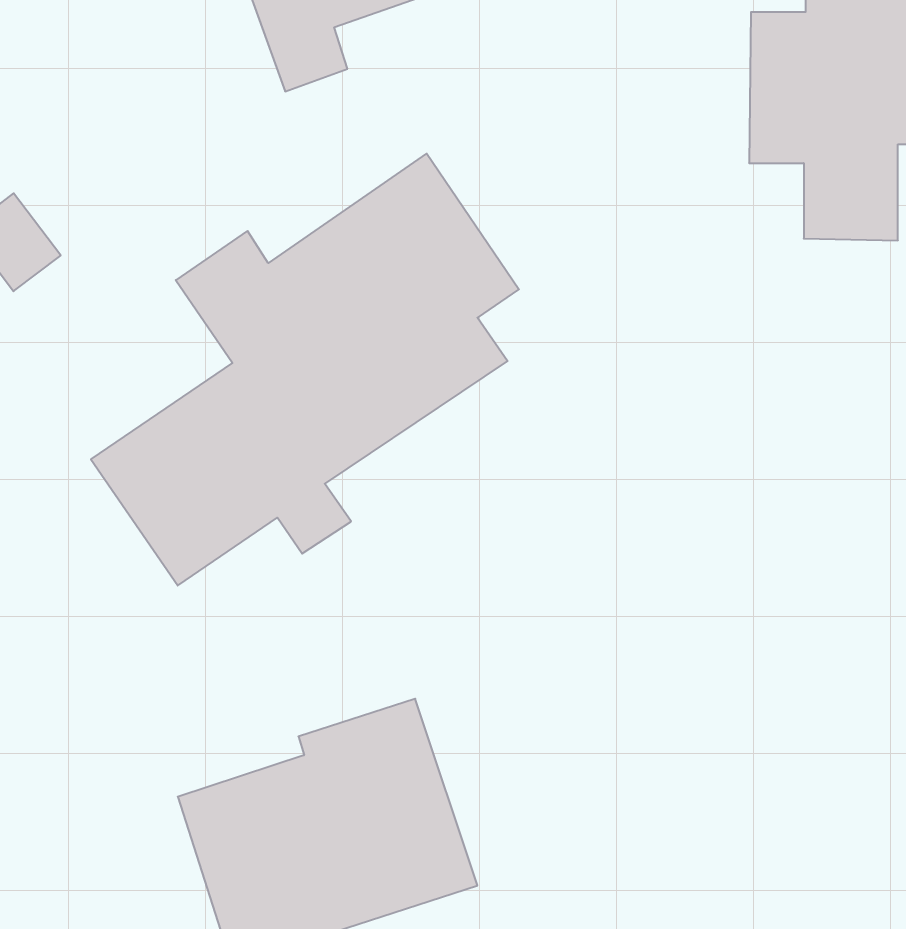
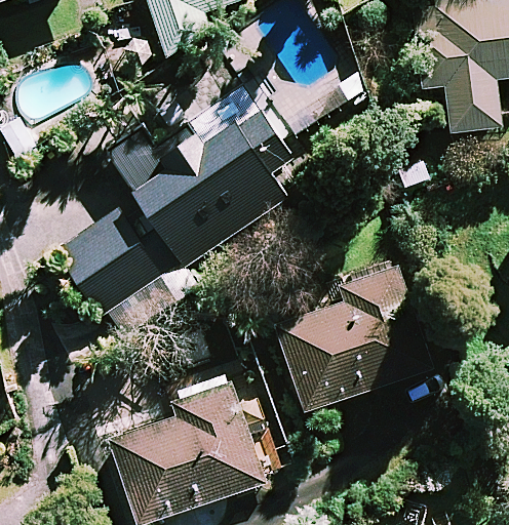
building: none -> [268,259,434,413]

